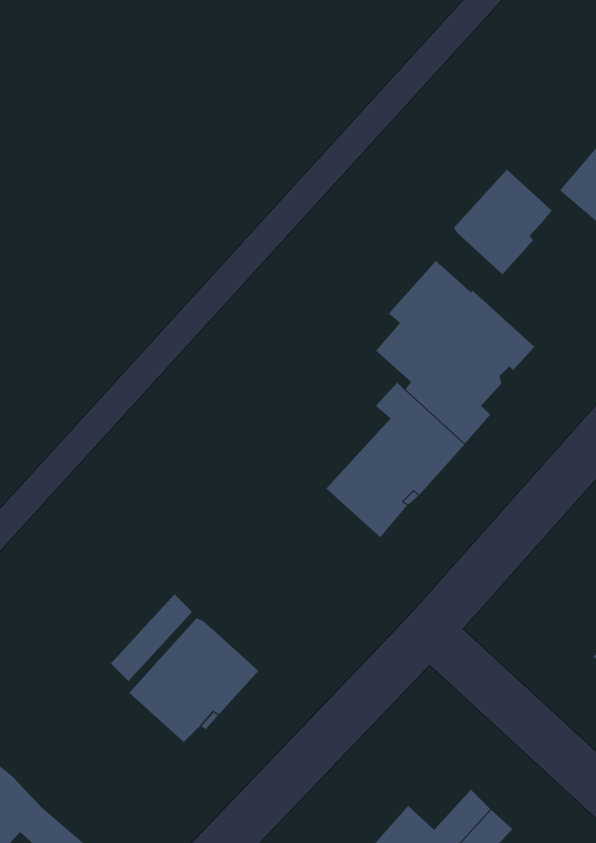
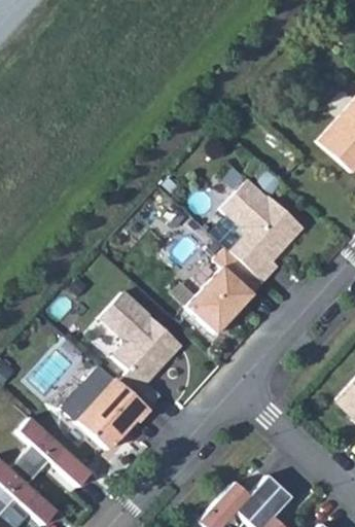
building: [453,169,552,275] -> none
building: none -> [100,291,181,409]
building: none -> [11,417,92,487]

